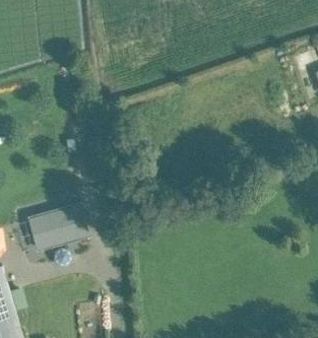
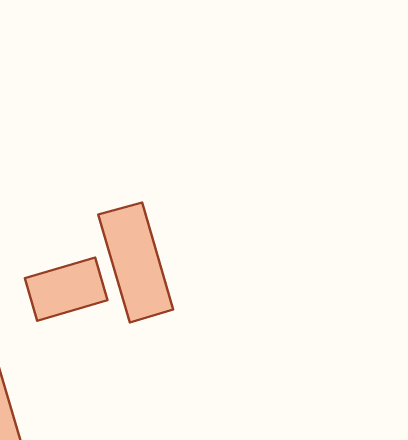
building: none -> [98,203,173,322]

